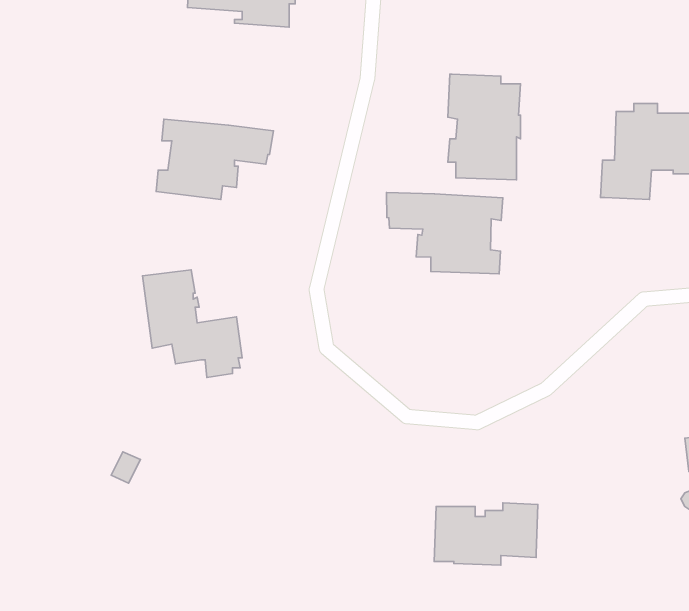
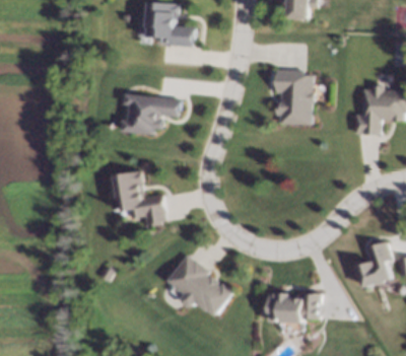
building: [387,193,503,274] -> none
building: none -> [355,240,392,288]
building: none -> [167,255,233,316]

